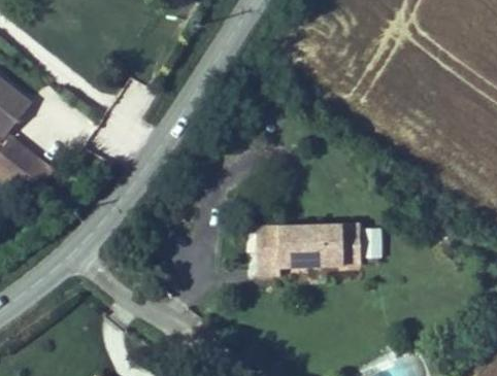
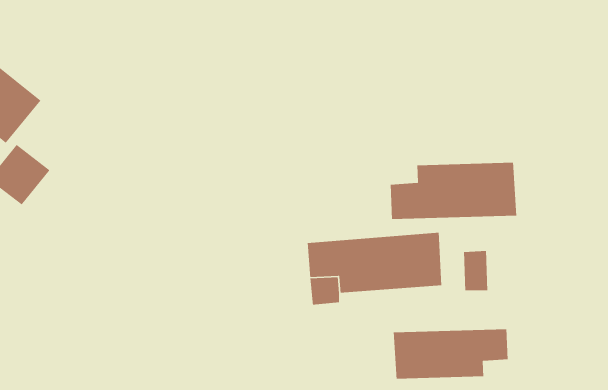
building: none -> [390,162,517,220]
building: none -> [393,329,508,380]

